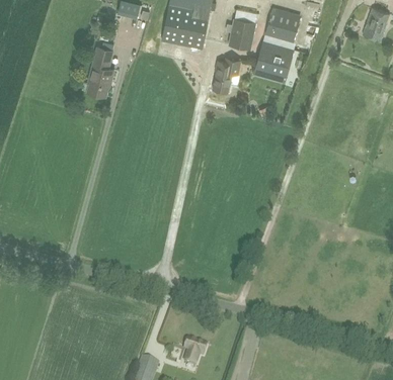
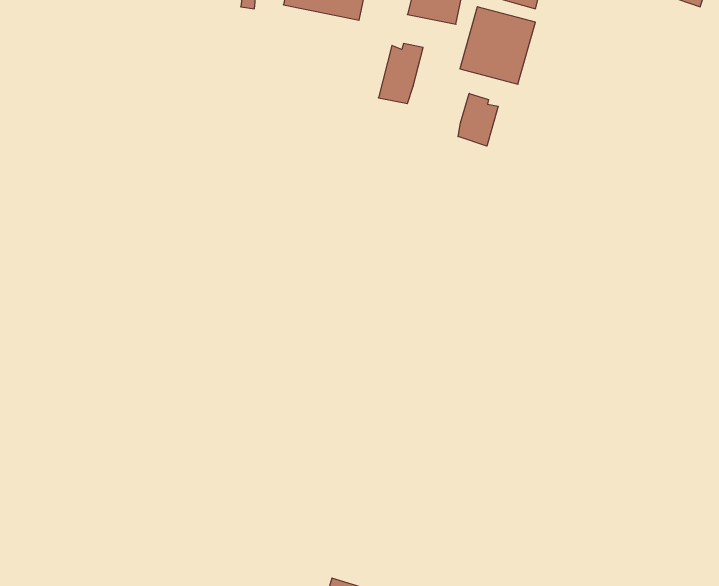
building: [87,46,113,96] -> none
building: none -> [458,93,498,146]

